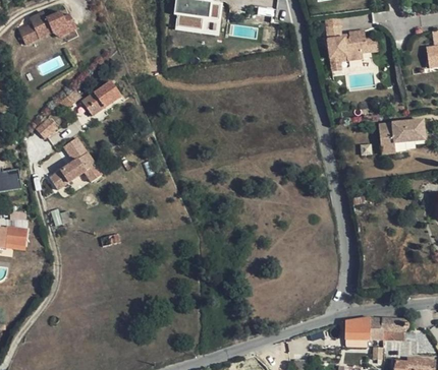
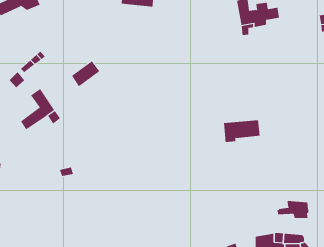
building: [83,81,119,115] -> [71,61,100,87]
building: [377,123,424,151] -> [223,120,260,142]
building: none -> [277,200,309,219]

